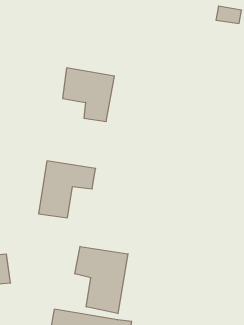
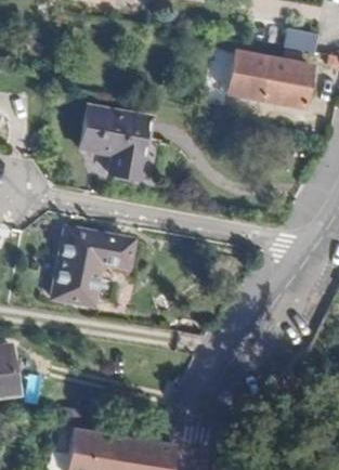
building: none -> [231,52,313,106]
building: [75,246,128,314] -> none

